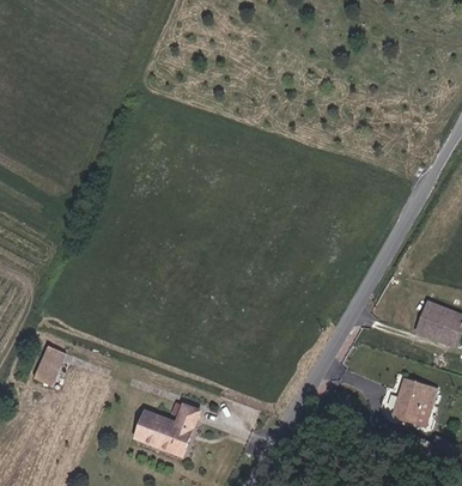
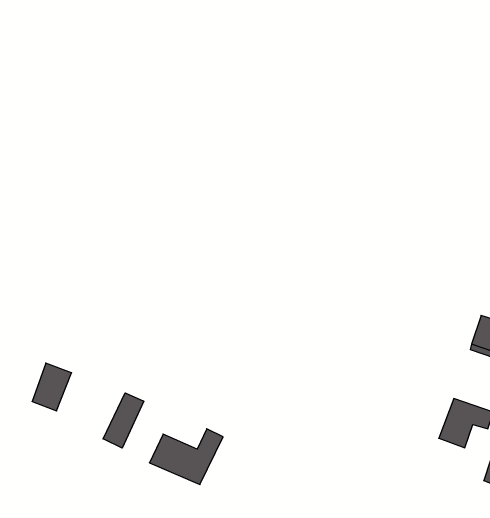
building: none -> [103,393,144,448]

